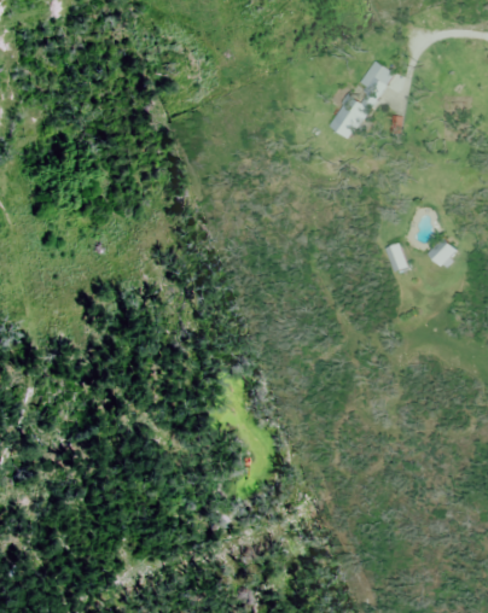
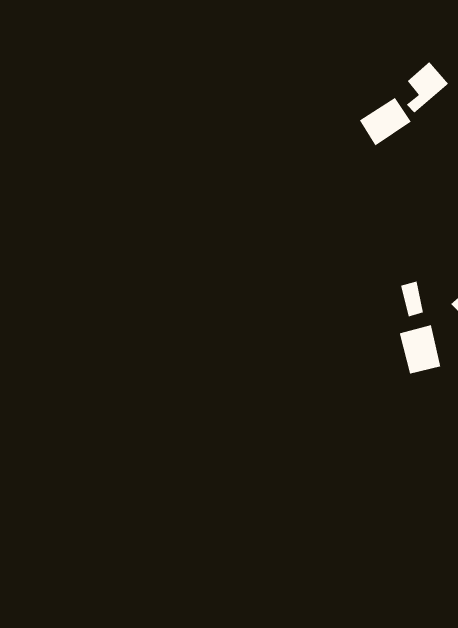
building: none -> [399,324,441,374]

